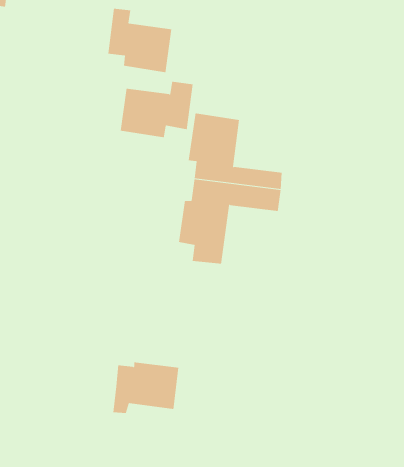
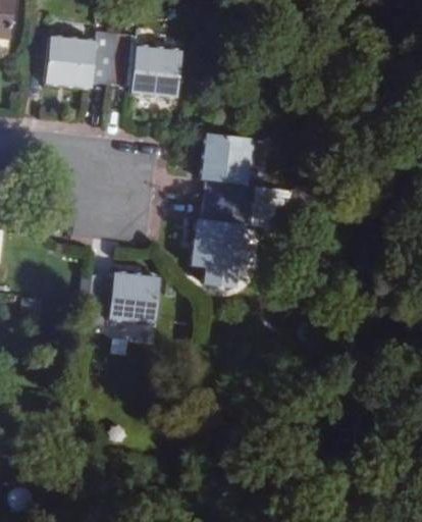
building: [120,81,194,138] -> [46,28,121,86]
building: [112,362,179,413] -> [91,280,159,333]

